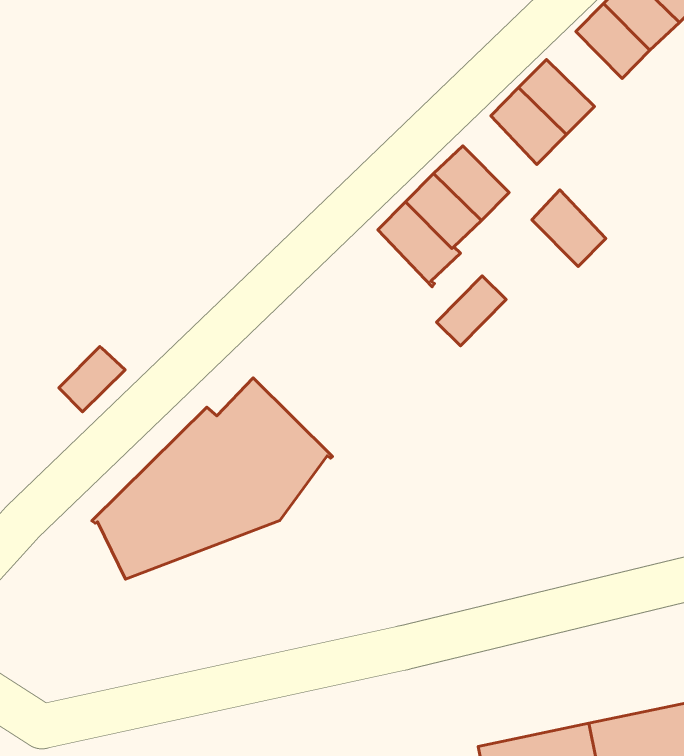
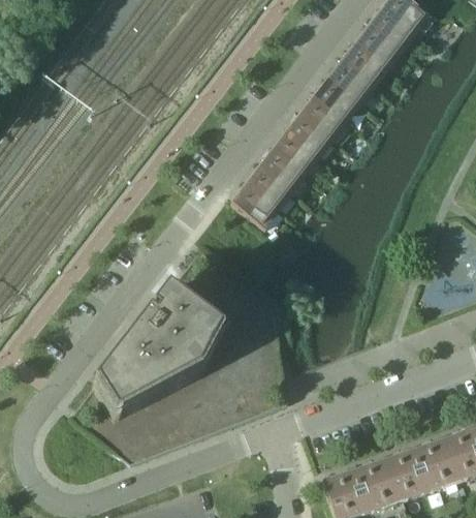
building: none -> [316,73,359,114]
building: [532,190,606,266] -> [276,126,318,167]
building: [436,276,506,346] -> none
building: [59,346,125,412] -> none

